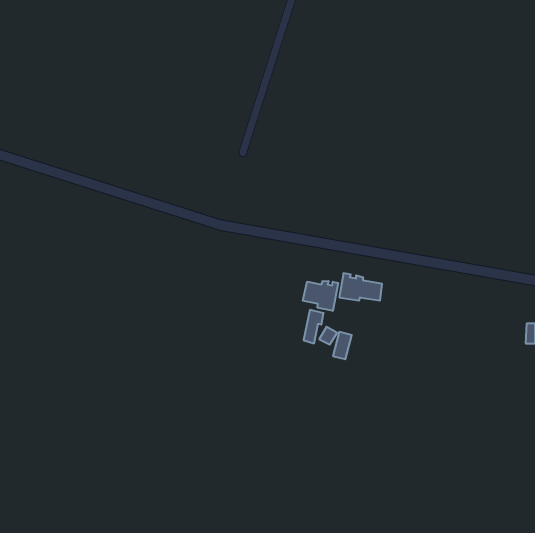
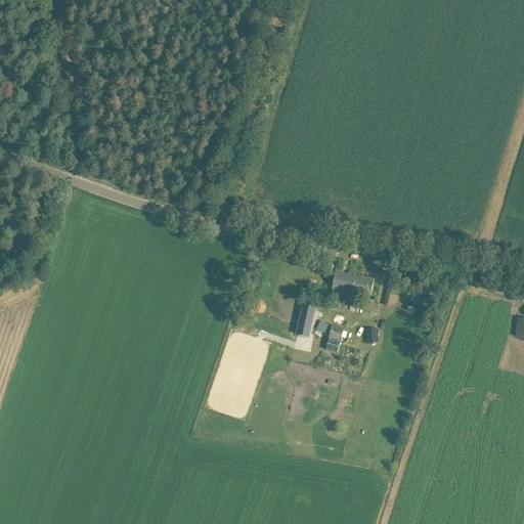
building: [303,281,338,311] -> none

